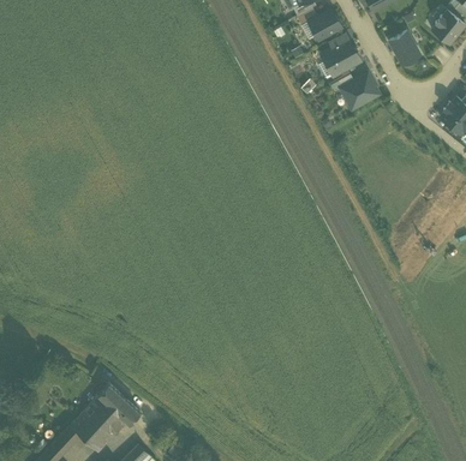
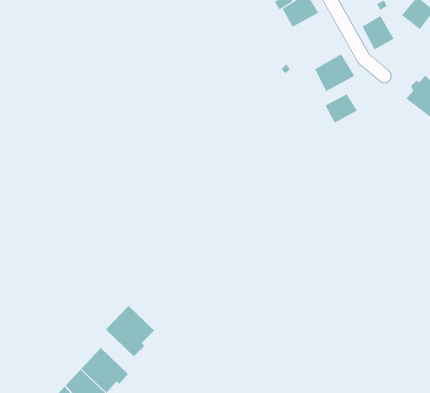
building: [315,31,362,78] -> none
building: none -> [325,94,357,123]
building: none -> [105,305,155,357]

